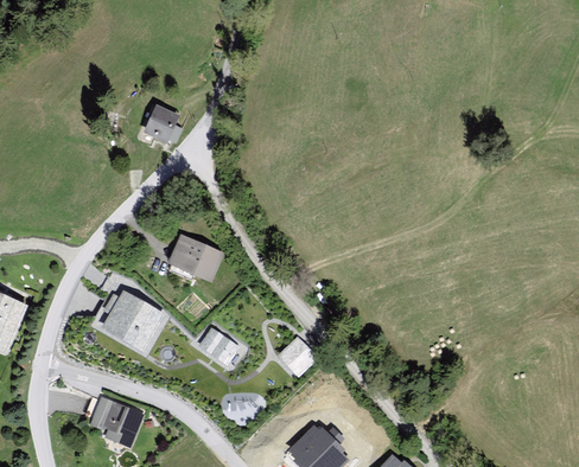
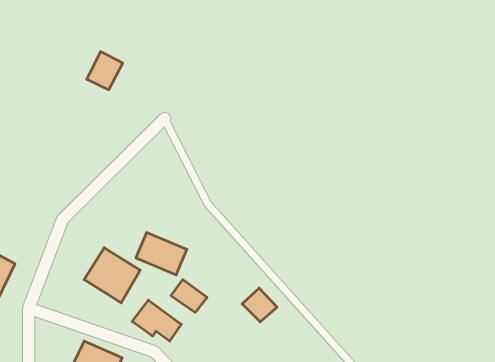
building: [139,105,179,148] -> [87,52,123,90]
building: [167,234,224,281] -> [136,233,187,275]
building: none -> [132,300,181,341]

